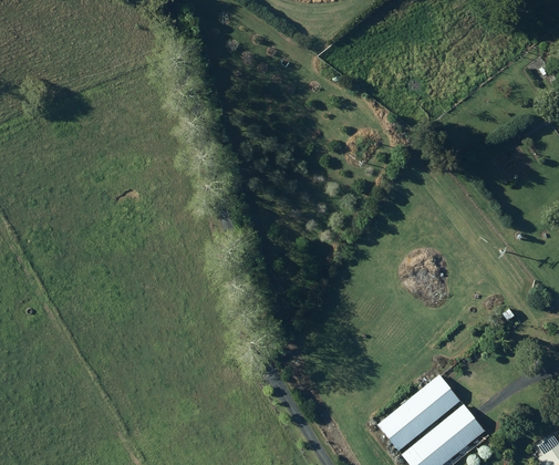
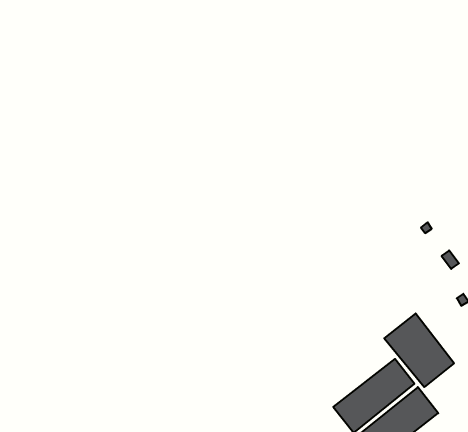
building: none -> [384,313,454,387]

